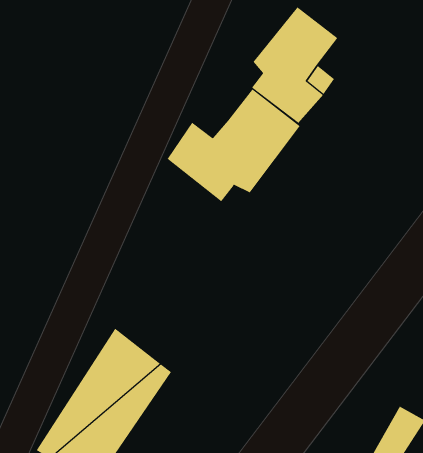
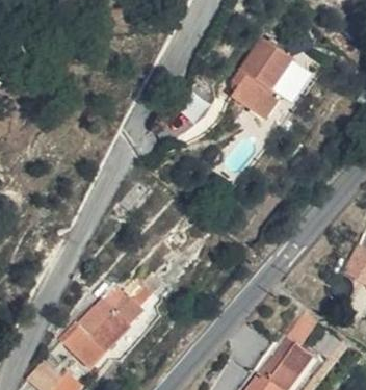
building: [167,88,300,202] -> none

